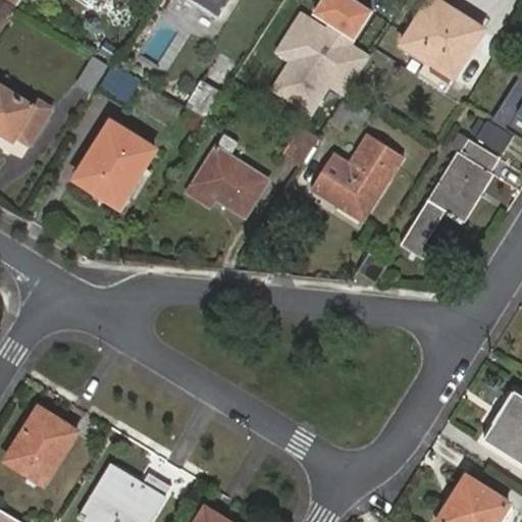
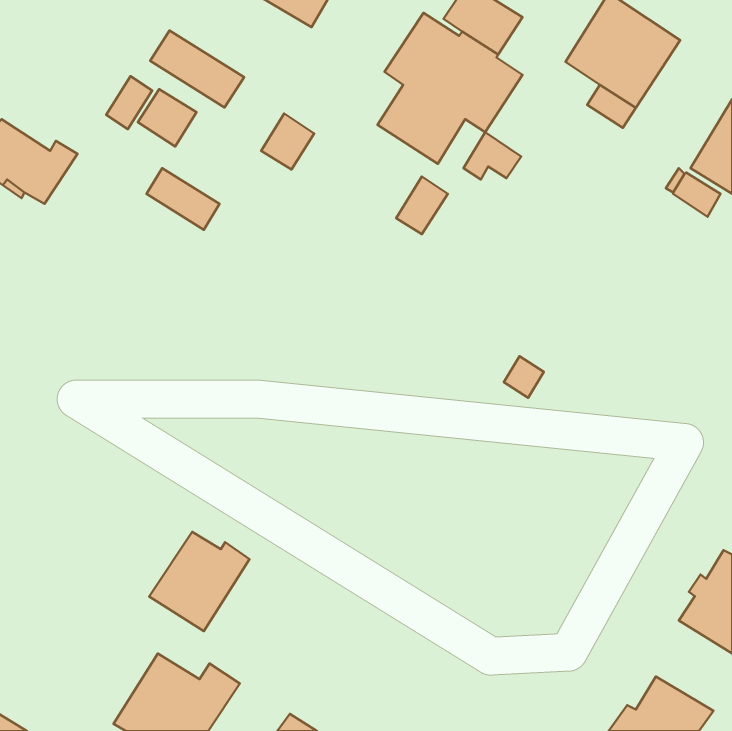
building: none -> [150,31,244,107]
building: [187,135,268,217] -> none
building: [311,136,399,219] -> none
building: [77,138,145,205] -> none
building: [402,140,501,256] -> none
building: [6,413,77,483] -> [149,532,250,631]

